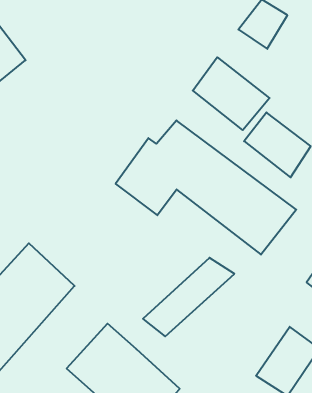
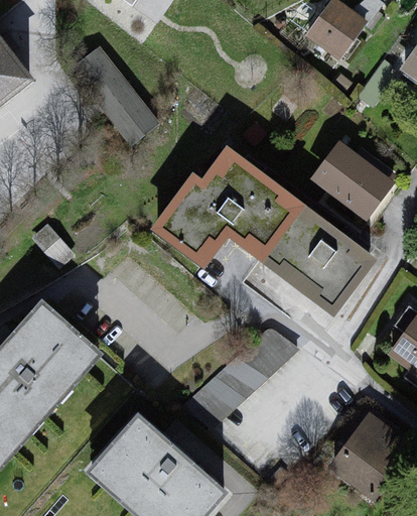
building: none -> [72,41,161,139]
building: [193,57,270,130] -> none

